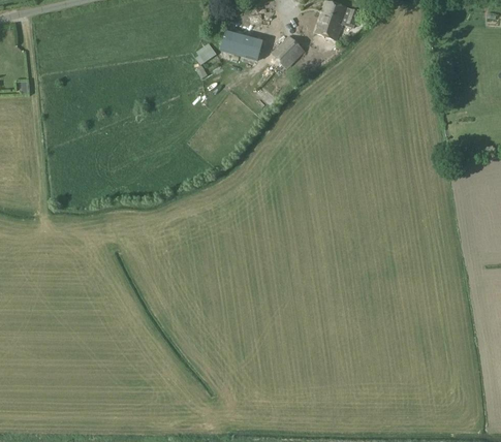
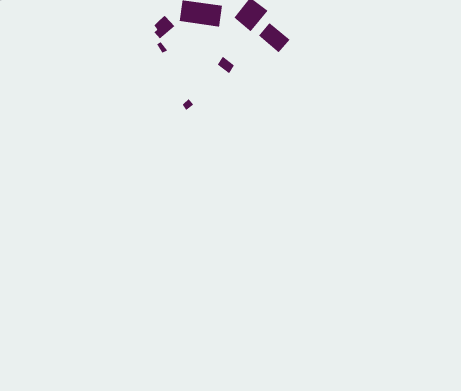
building: none -> [258,22,291,53]

